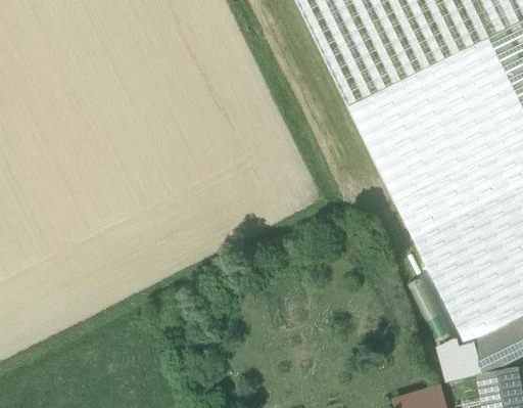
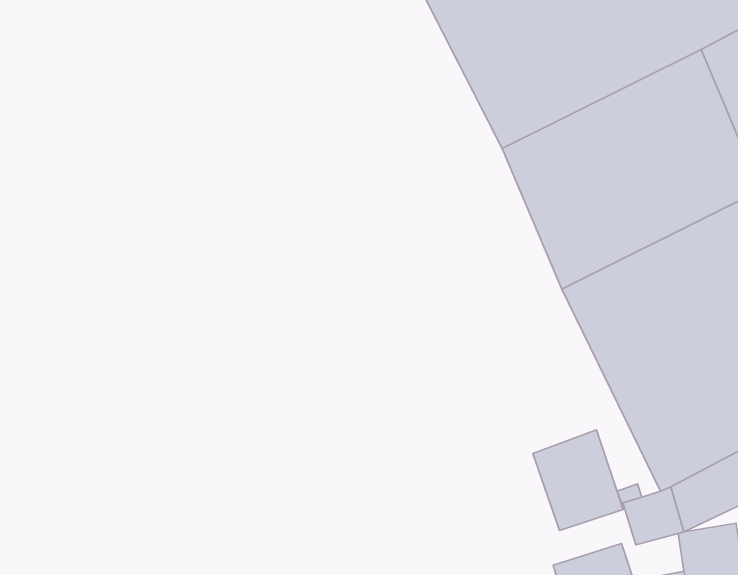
building: none -> [533,430,623,531]

